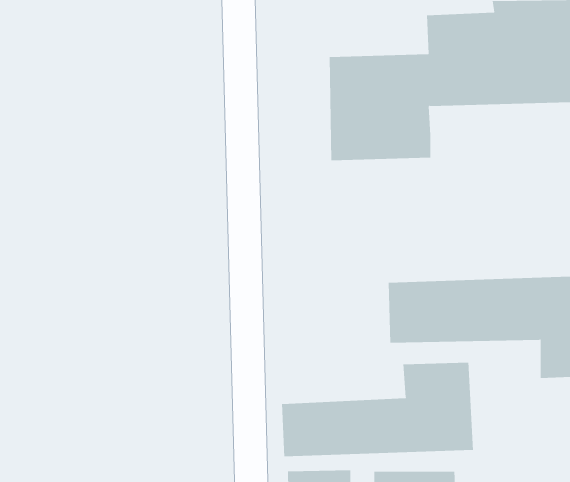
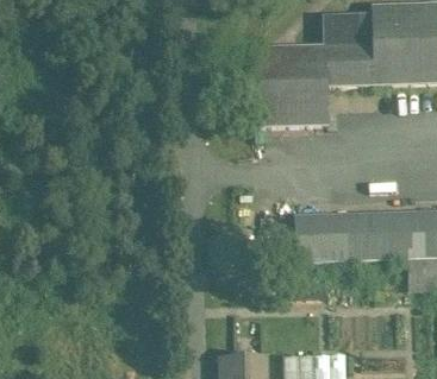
building: [282,362,473,457] -> none

